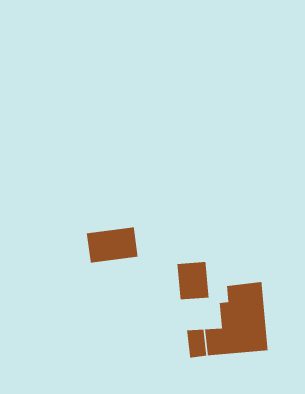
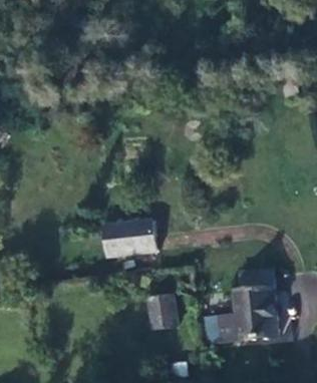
building: [177,261,209,300] -> [149,293,181,330]

